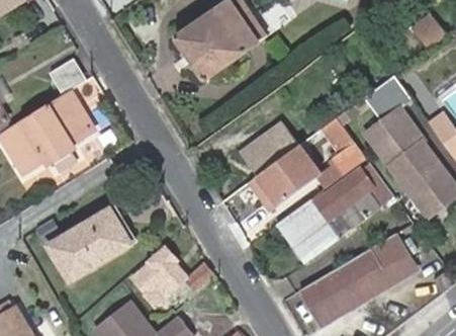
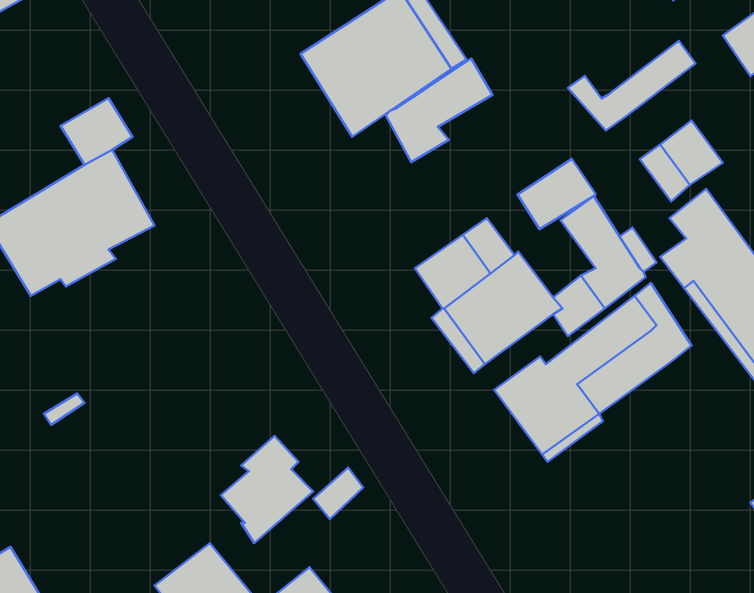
building: none -> [568,41,696,131]
building: none -> [386,58,493,162]
building: none -> [518,159,595,229]
building: [47,209,129,282] -> none
building: [295,237,409,325] -> none

